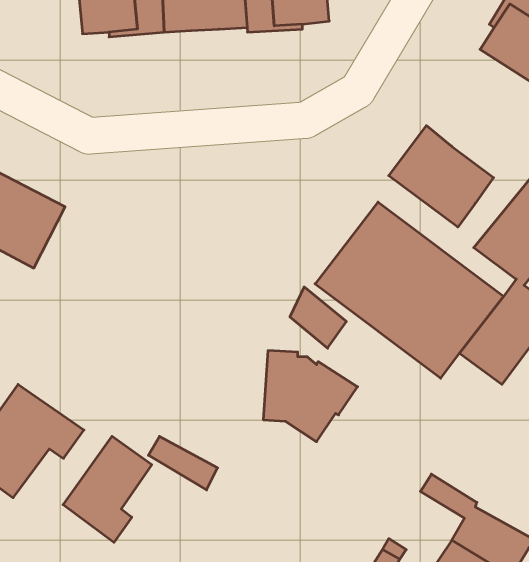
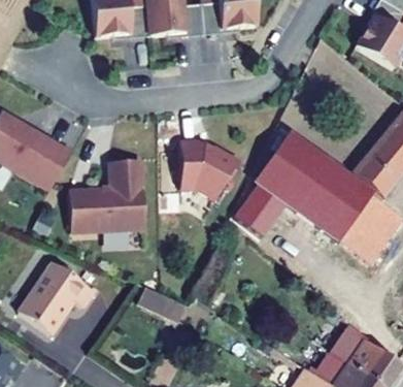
building: [389,126,494,227] -> none
building: none -> [71,158,145,227]
building: [263,351,358,442] -> [183,136,245,196]
building: [63,436,152,542] -> none

